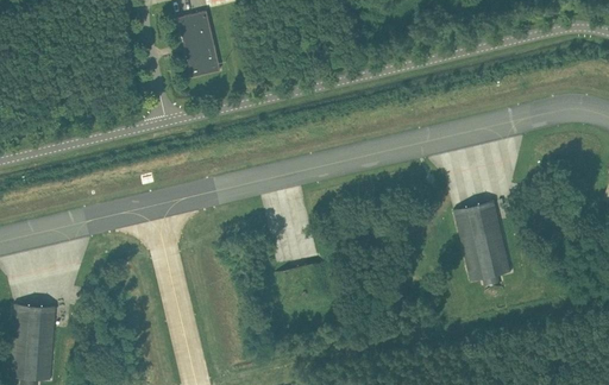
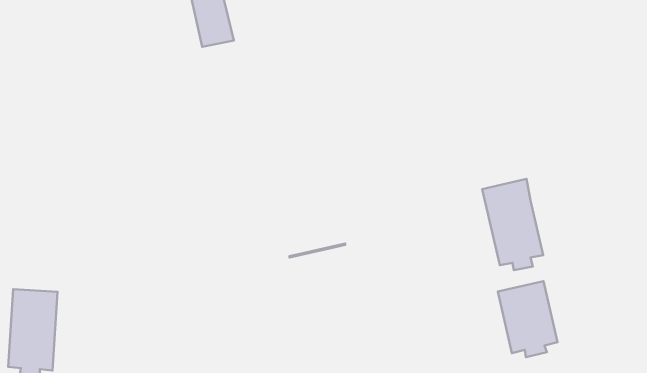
building: none -> [498,281,557,357]

